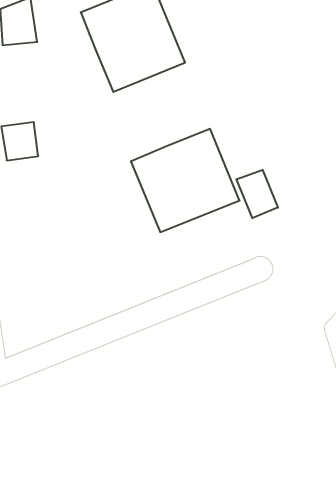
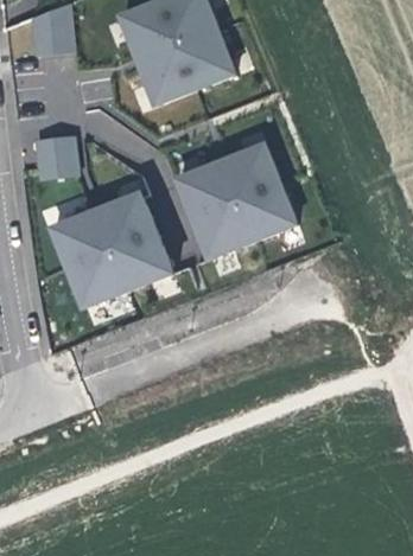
building: [236,170,278,218] -> none
building: none -> [52,192,171,305]

